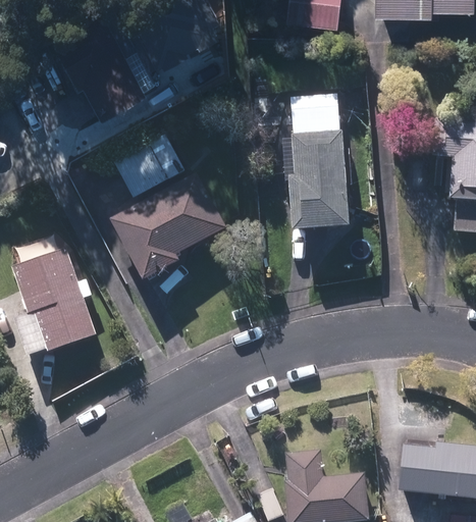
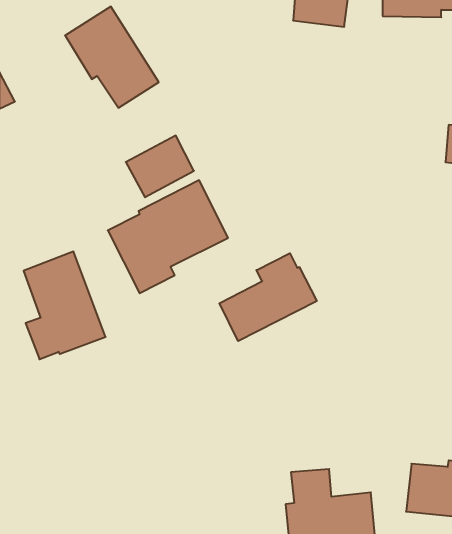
building: [290,96,347,233] -> none
building: none -> [219,253,317,341]

